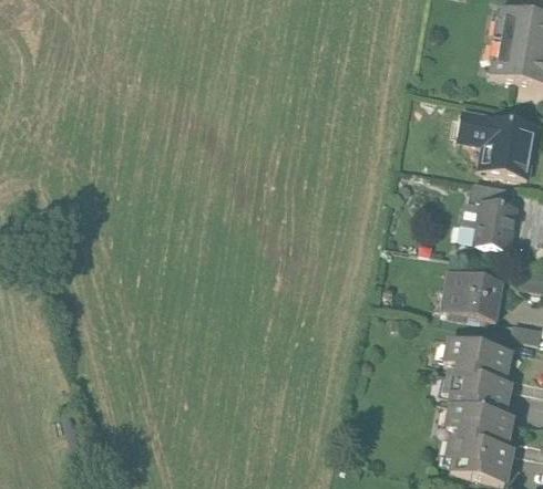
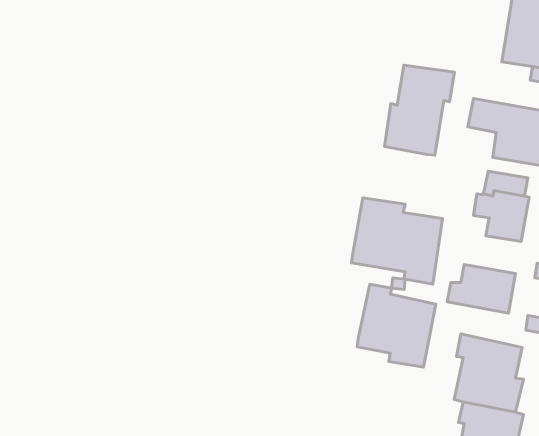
building: none -> [384,65,455,155]
building: none -> [352,198,443,284]
building: none -> [357,284,436,367]

